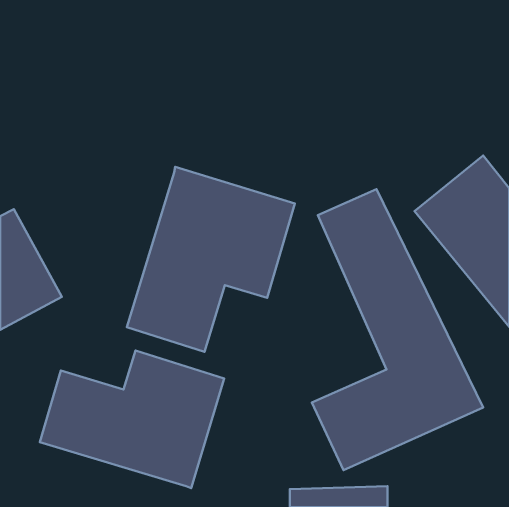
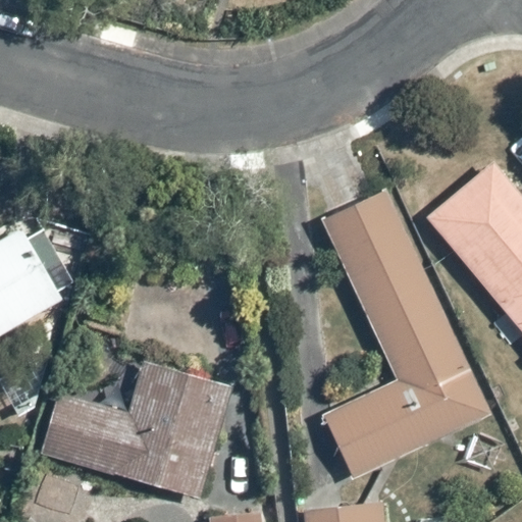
building: [127,167,295,352] -> none

